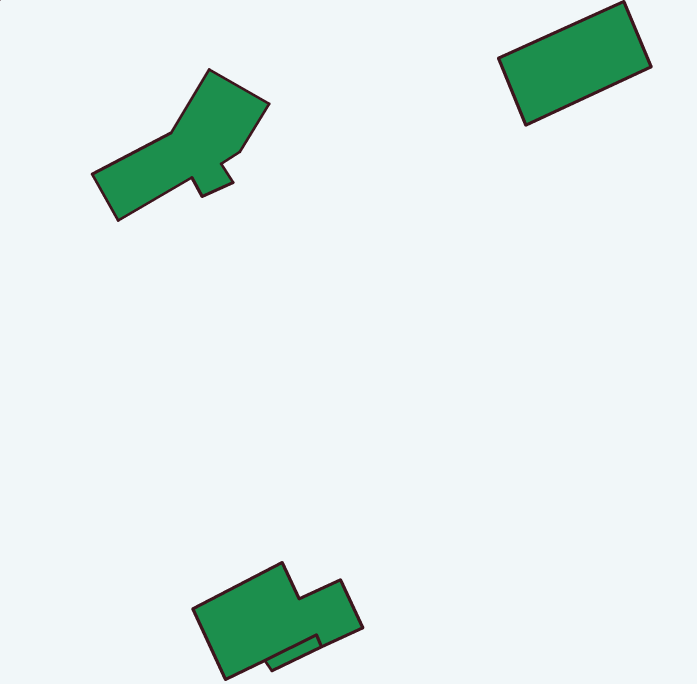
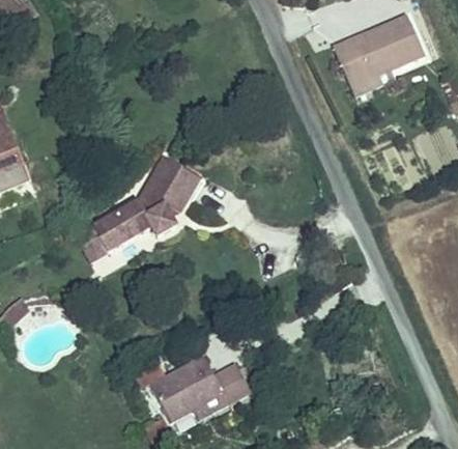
building: [92,69,269,220] -> [89,161,196,252]

